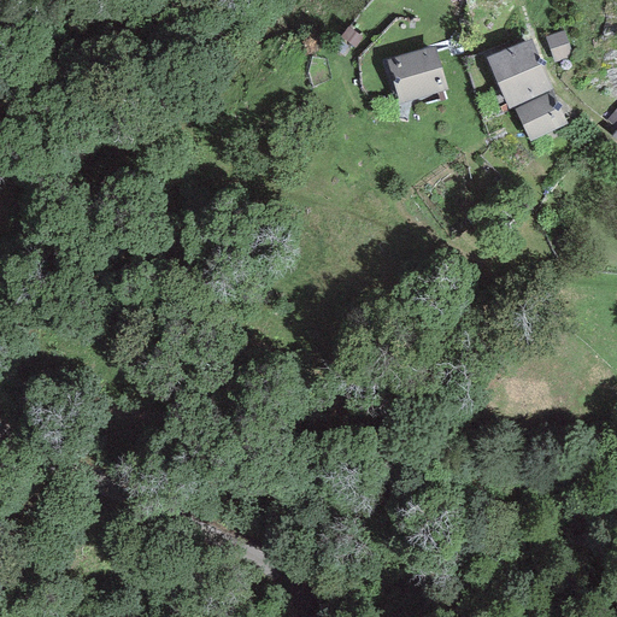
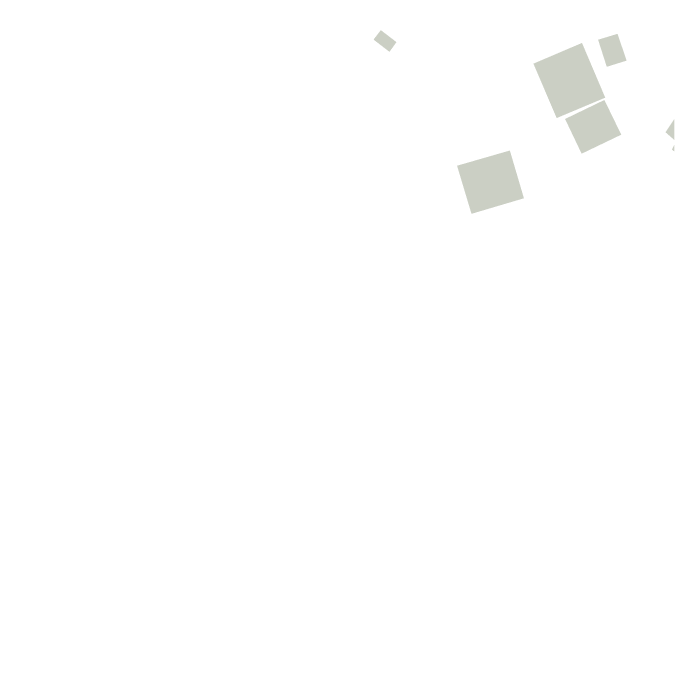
building: [386,45,448,104] -> [456,150,525,214]

